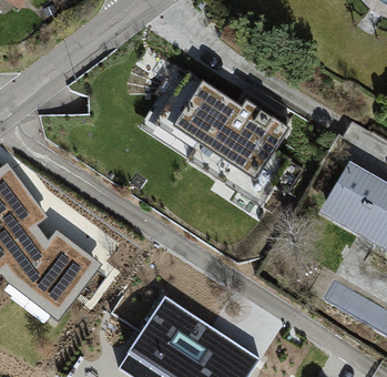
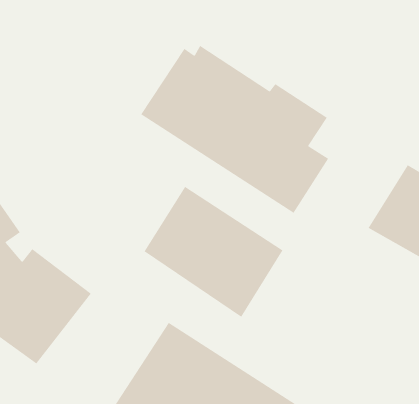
building: none -> [143,186,283,318]

